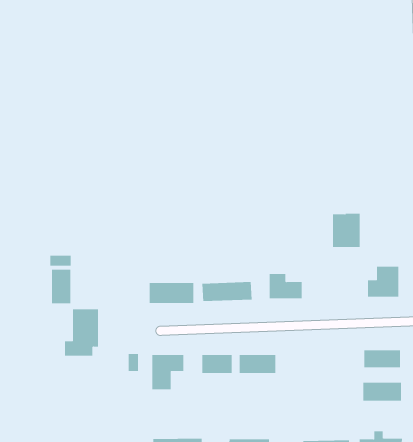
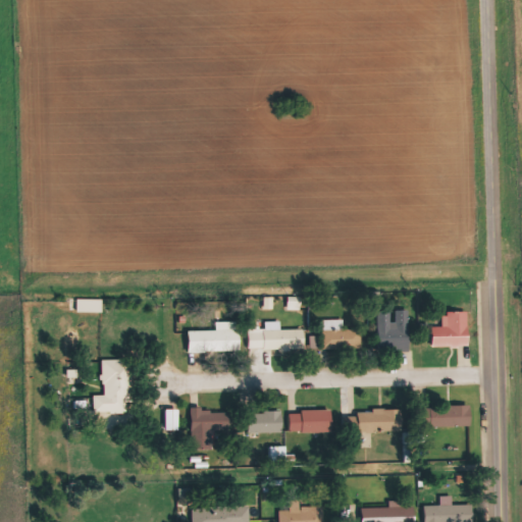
building: [332,213,360,248] -> [377,310,409,349]
building: [52,269,71,304] -> none
building: [363,382,402,401] -> [357,411,401,432]

